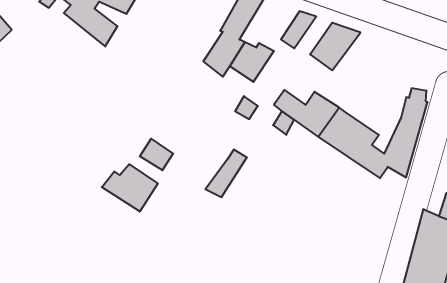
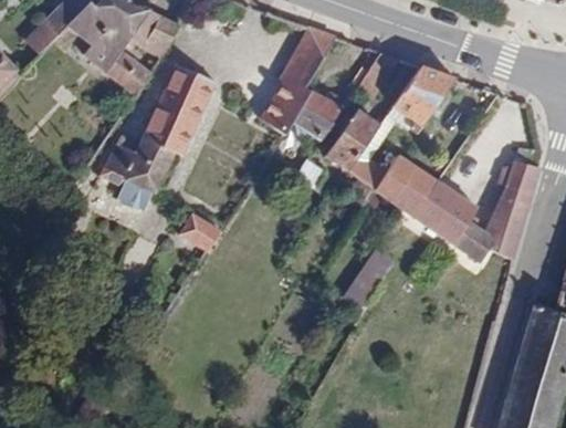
building: none -> [101,64,216,195]
building: none -> [325,108,380,170]
building: [205,149,247,197] -> [342,248,394,307]
building: [102,164,158,212] -> none

